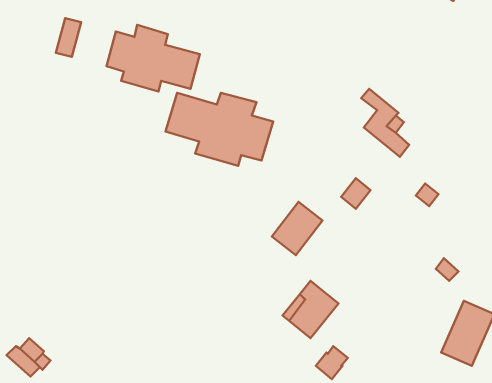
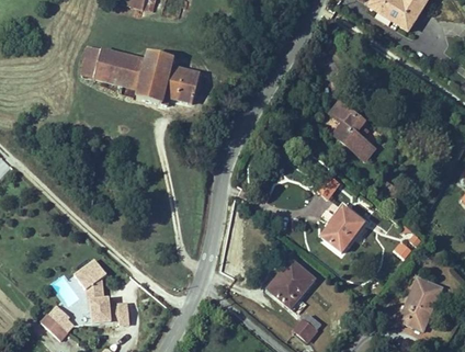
building: none -> [94,47,131,83]
building: [166,93,273,166] -> none
building: [272,202,323,255] -> [321,207,363,251]
building: none -> [77,256,131,322]

